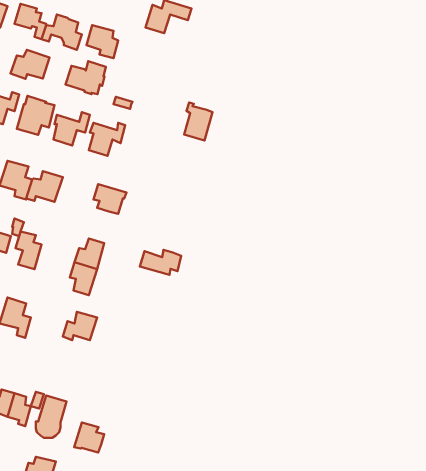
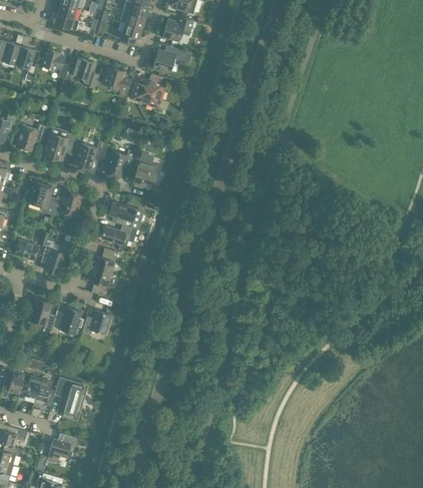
building: [11,50,49,79] -> none
building: [66,61,106,94] -> [130,78,164,106]
building: [184,103,213,140] -> [132,157,156,189]
building: [140,250,181,275] -> [101,224,136,246]
building: none -> [50,307,82,335]
building: [74,422,104,453] -> none

